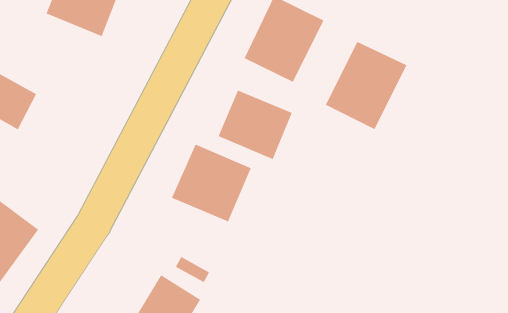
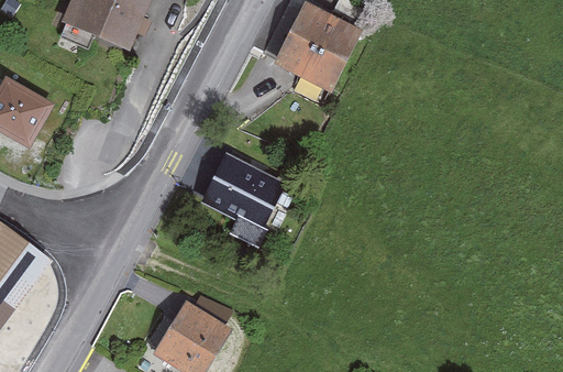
building: [325,41,408,130] -> none
building: [218,89,293,160] -> none

